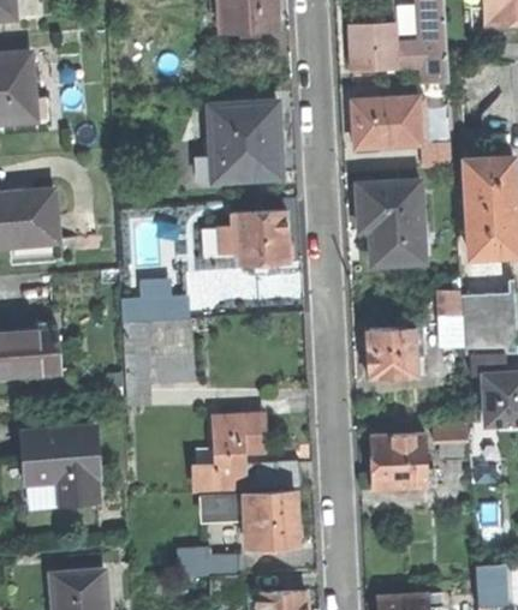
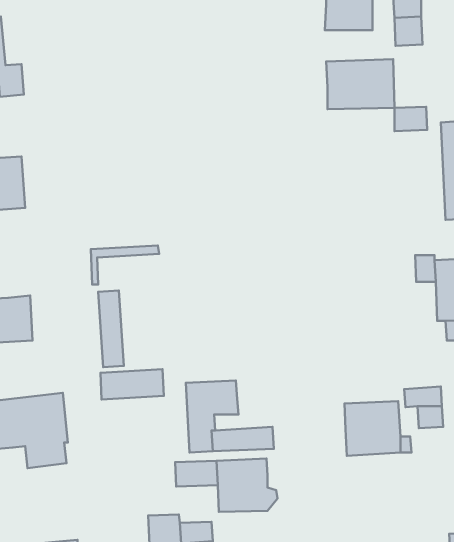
building: [209,103,281,183] -> none
building: [357,180,425,263] -> none
building: [231,211,296,264] -> none
building: [125,289,187,319] -> [100,369,164,399]
building: [363,327,423,377] -> none

